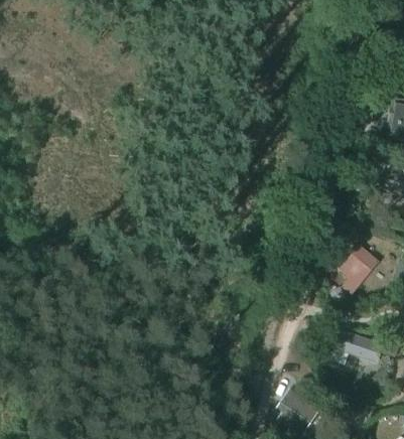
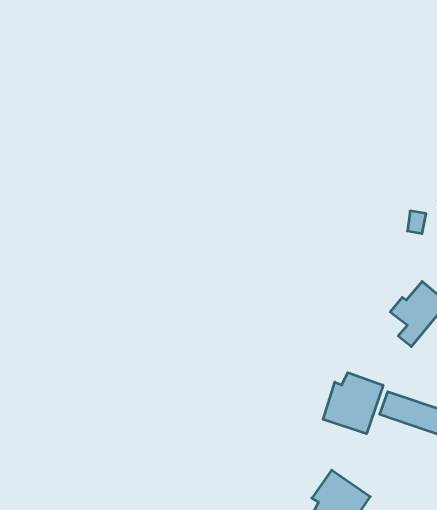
building: none -> [323,373,383,434]

